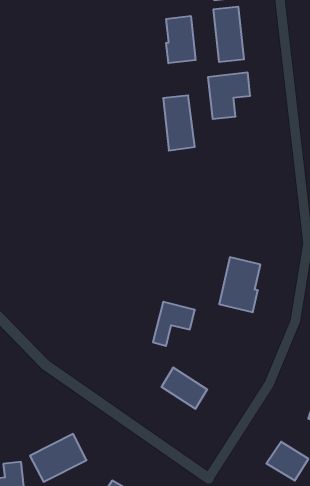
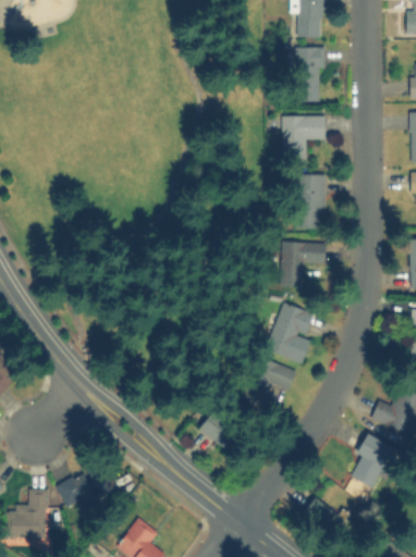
building: [166,16,196,63] -> none
building: [163,95,195,151] -> [297,175,325,230]
building: none -> [282,243,325,282]
building: [153,302,195,346] -> [248,359,295,405]

